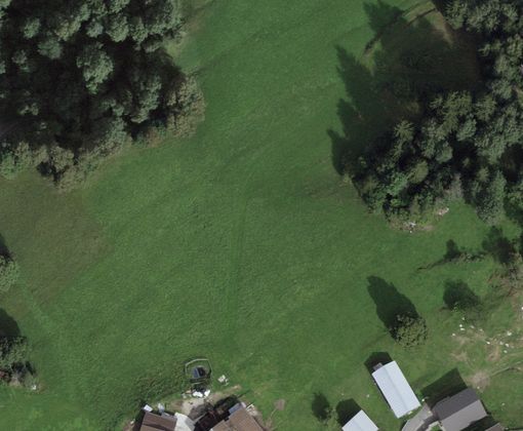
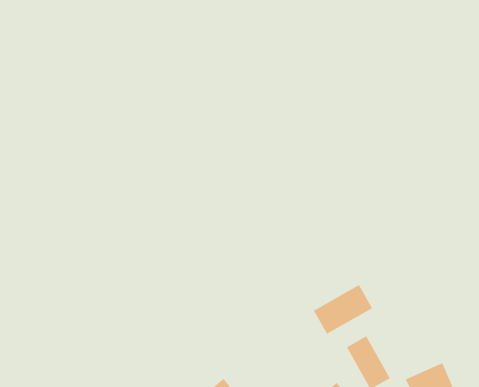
building: none -> [313,284,373,335]

